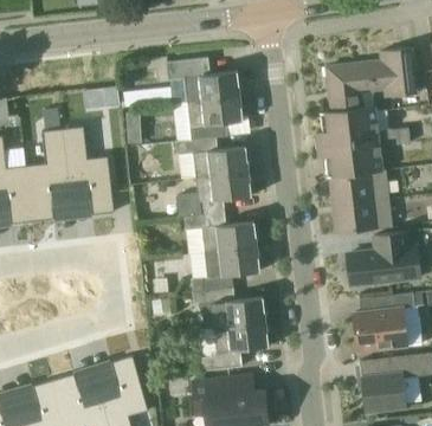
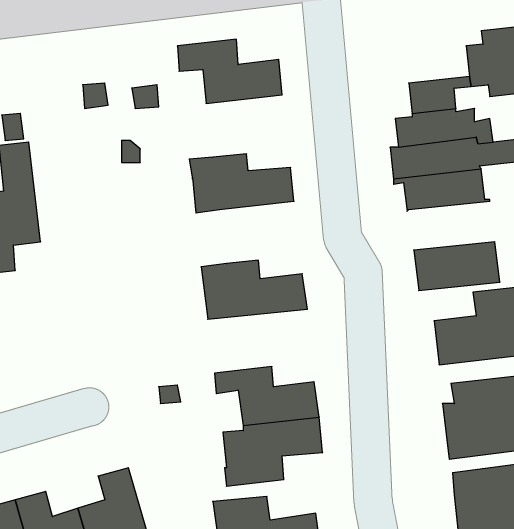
building: [327,62,372,88] -> none
building: [187,96,244,140] -> none
building: [63,127,114,214] -> none
building: [176,170,252,217] -> none
building: [329,170,389,205] -> none
building: [188,246,260,291] -> none

